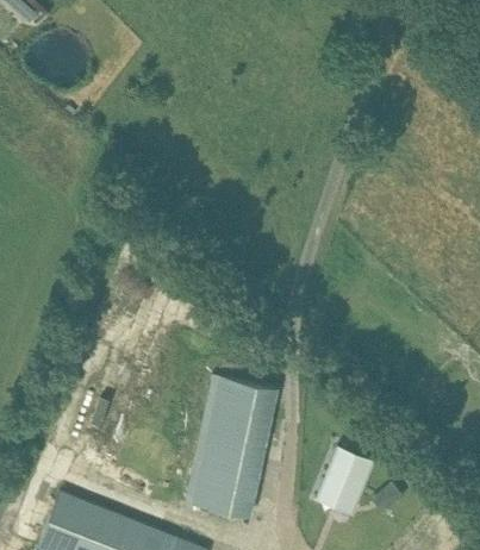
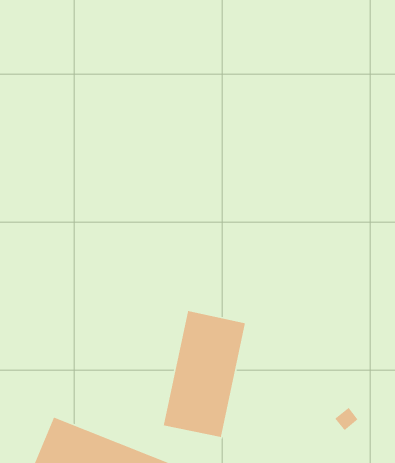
building: [317,448,374,510] -> none

